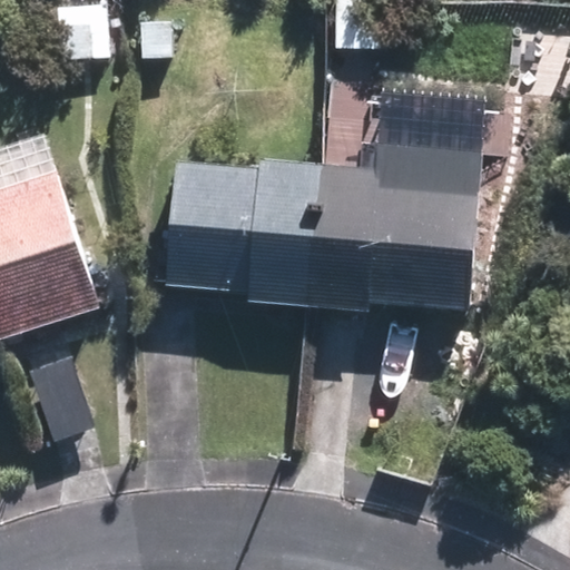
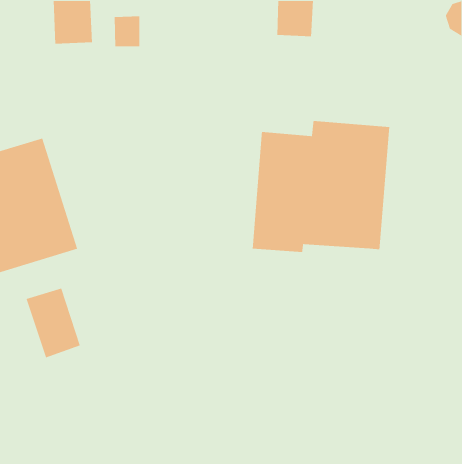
building: [165,157,320,306] -> none

